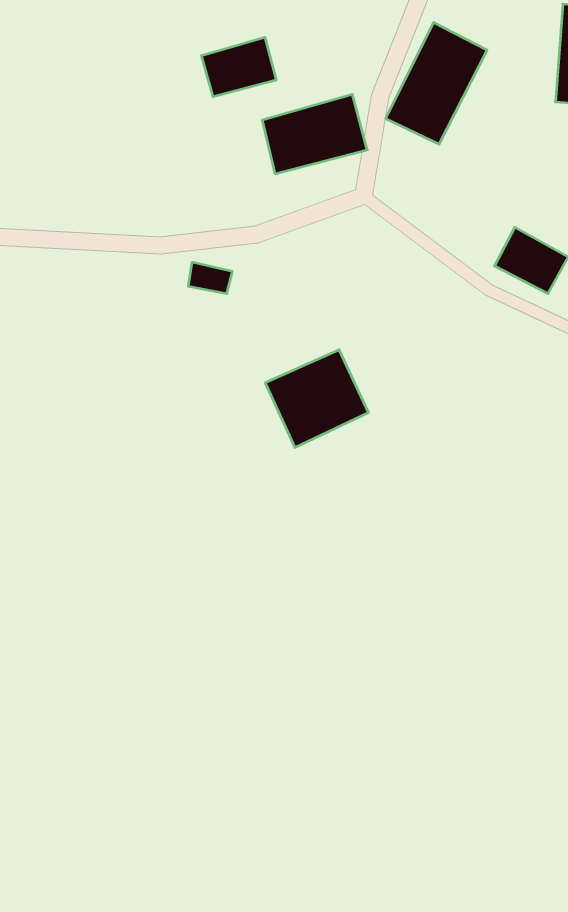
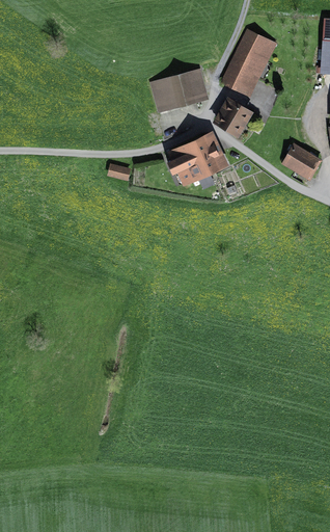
building: [201,37,276,97] -> none
building: none -> [210,92,257,136]
building: [265,350,369,447] -> [170,132,228,187]

